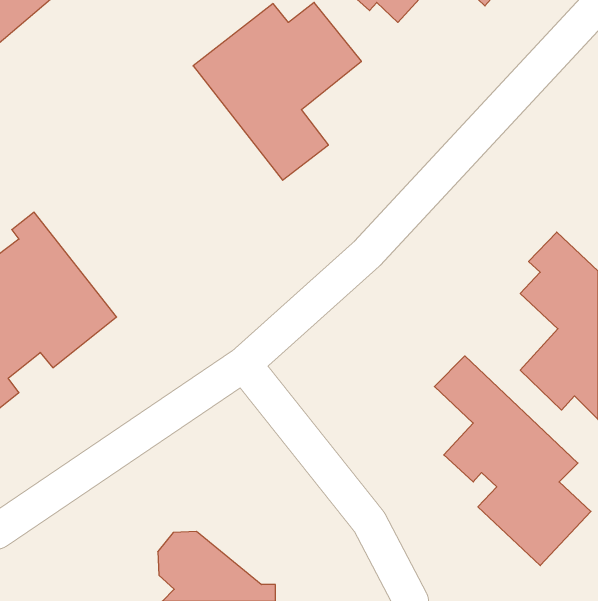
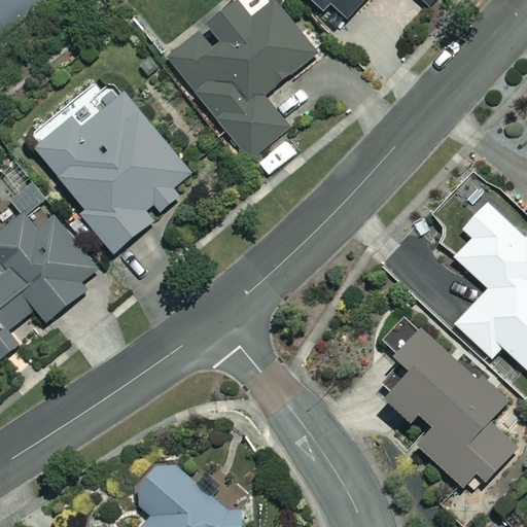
building: none -> [36,92,189,252]

